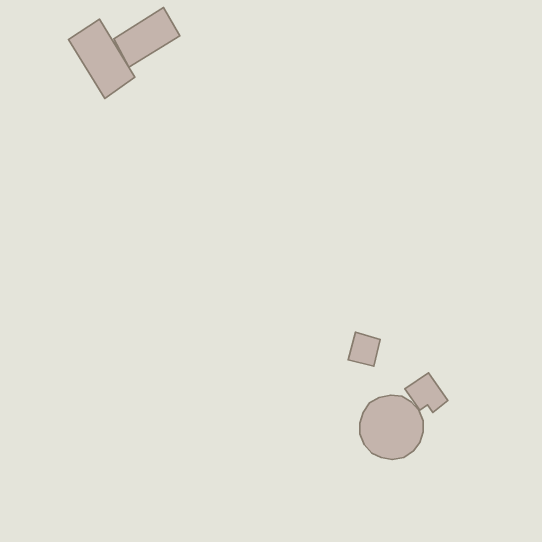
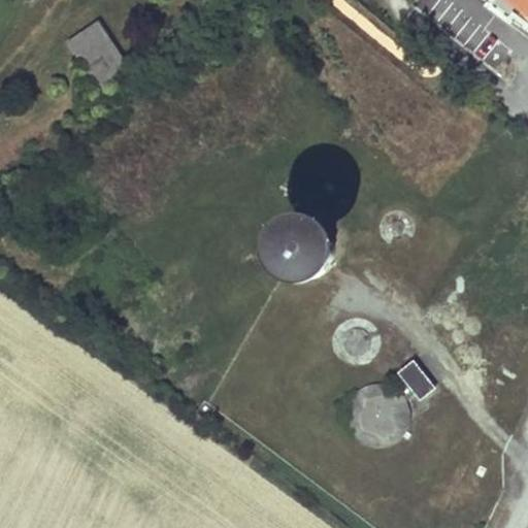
building: [114,8,180,67] -> none
building: none -> [274,218,331,274]

